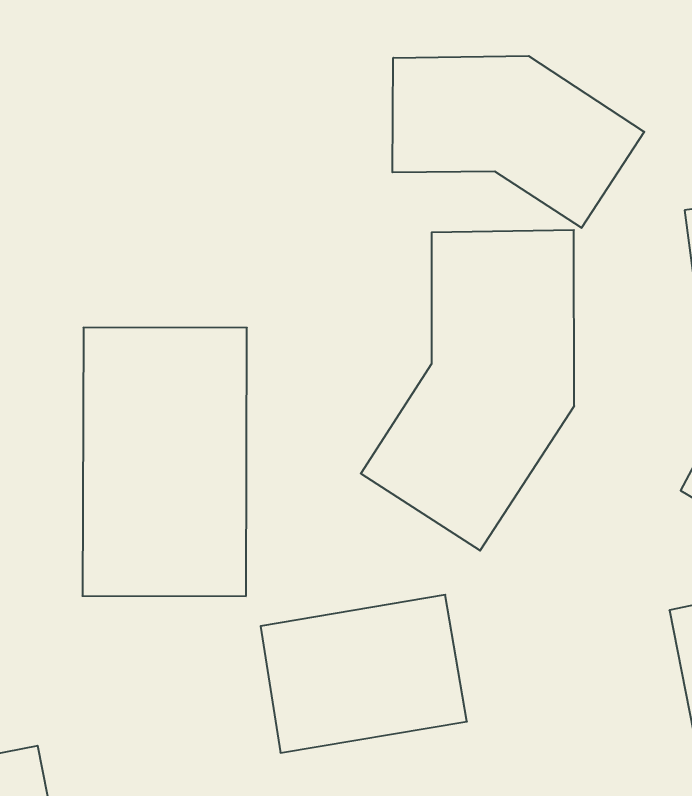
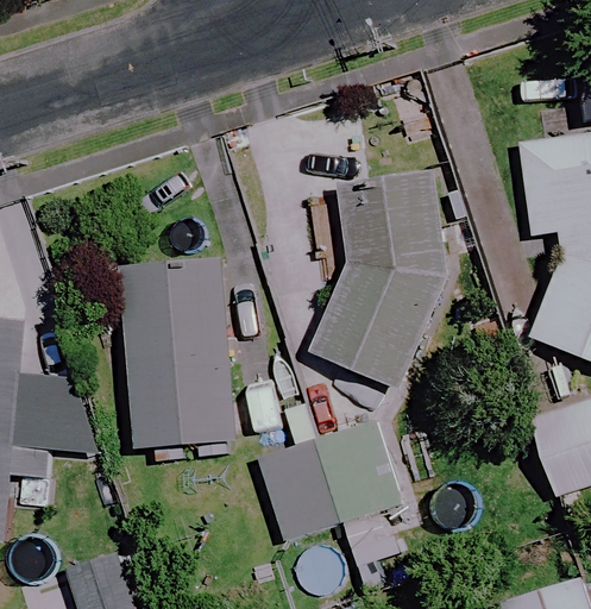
building: [392,56,644,228] -> none

